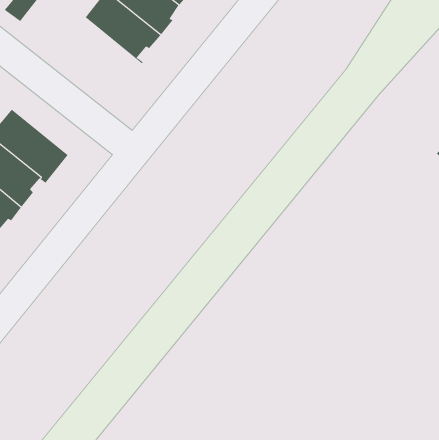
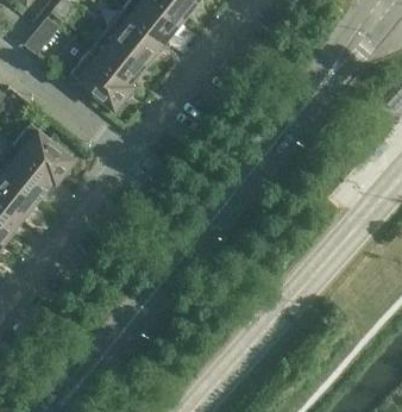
building: none -> [70,50,133,110]

